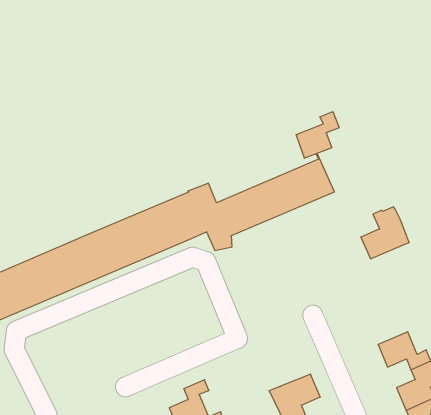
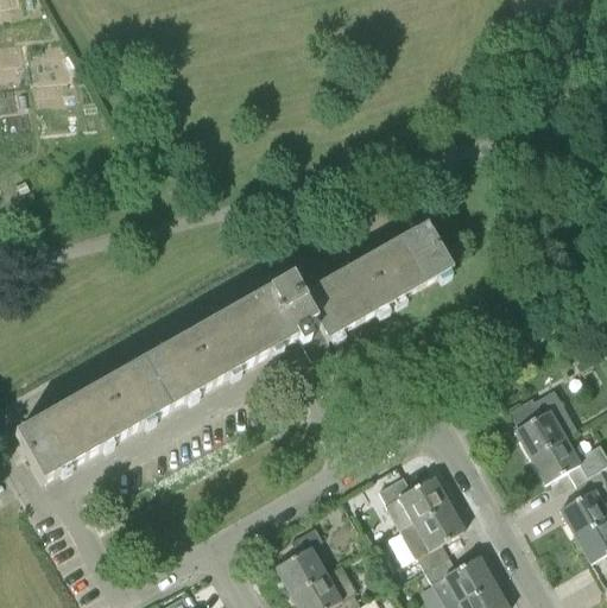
building: [296,112,339,158] -> none
building: [361,207,409,259] -> [512,382,574,451]
building: none -> [377,471,447,519]

